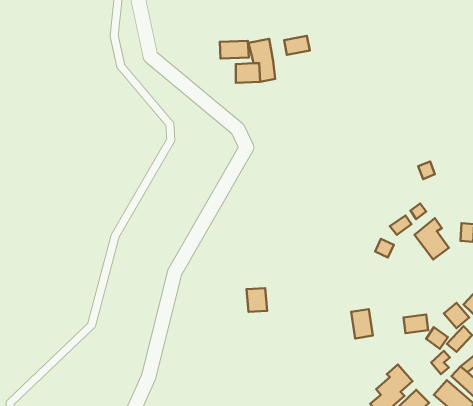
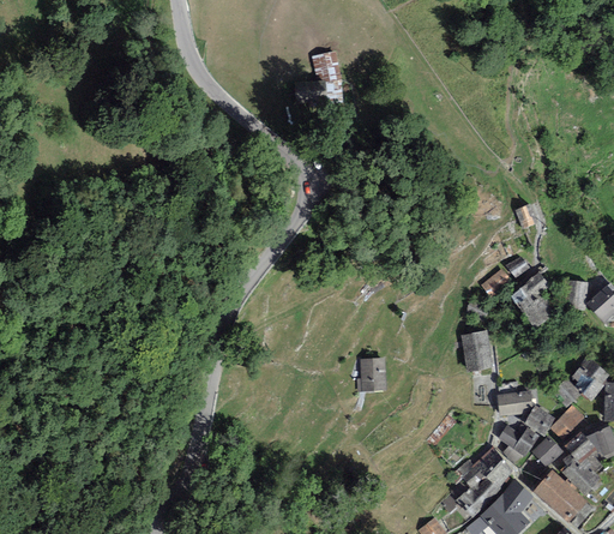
building: [284,36,310,55] -> none
building: [220,41,249,59] -> none
building: [246,288,267,312] -> [359,360,384,389]
building: [351,309,373,338] -> [463,331,489,367]
building: none -> [499,425,535,455]

